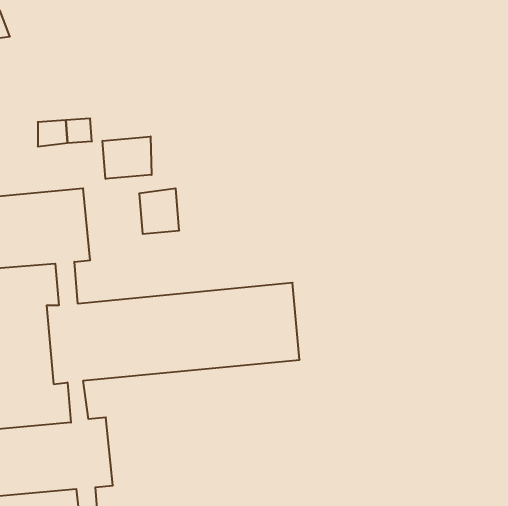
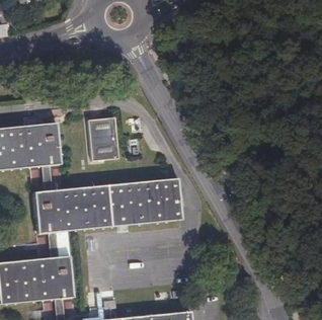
building: [103,136,152,179] -> none

